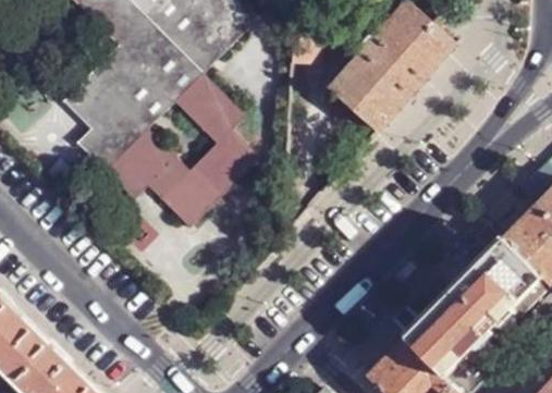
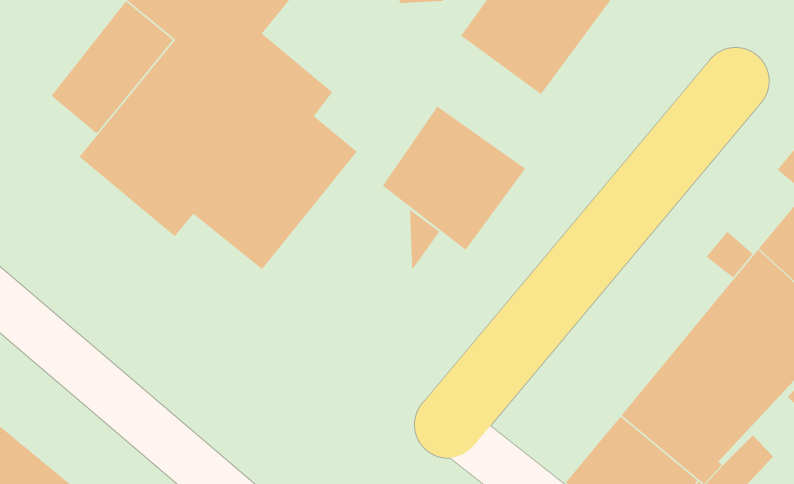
building: none -> [382,106,526,251]

